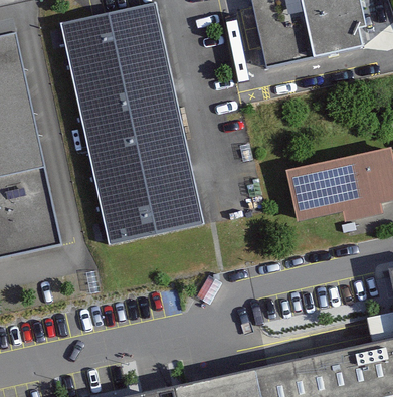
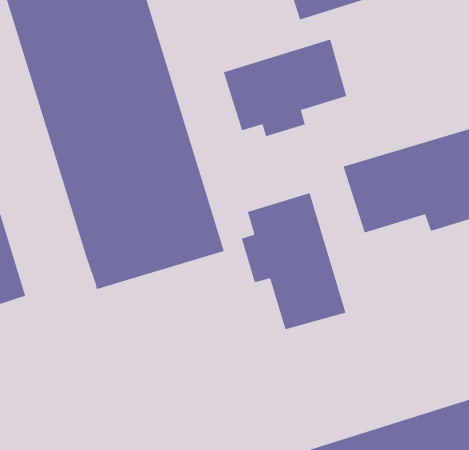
building: none -> [223,39,347,137]
building: none -> [241,192,346,330]

